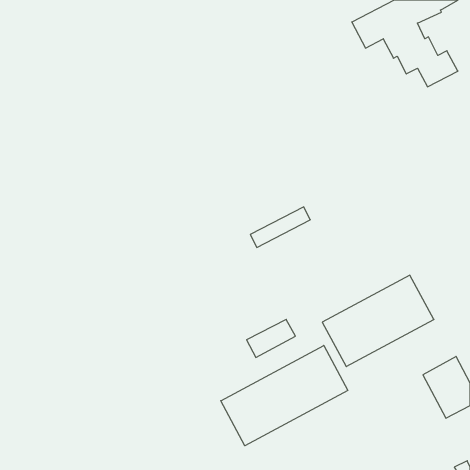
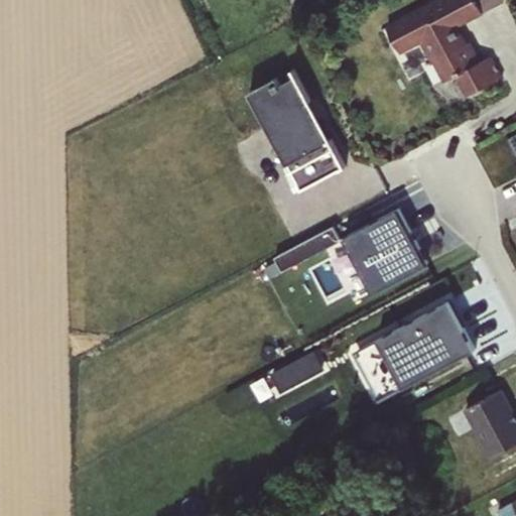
building: none -> [247,78,344,191]
building: none -> [344,211,425,293]
building: [221,345,348,446] -> none

